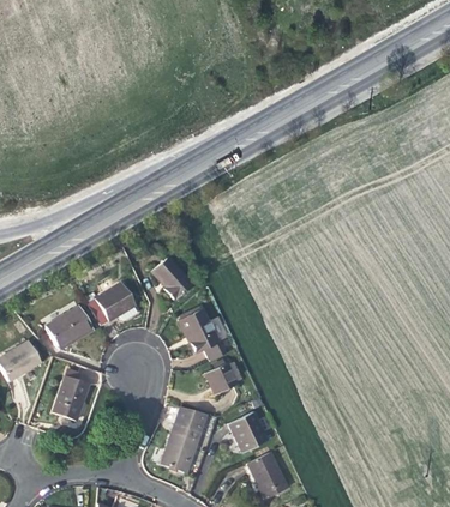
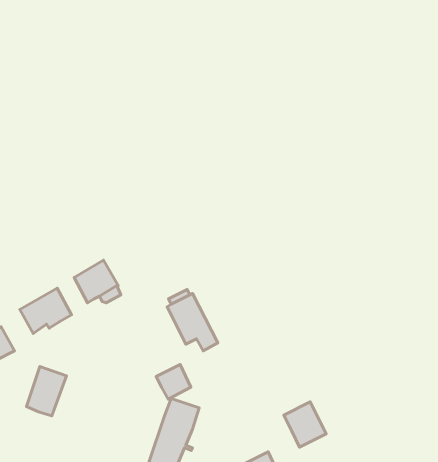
building: [152,256,191,298] -> none
building: [205,364,236,396] -> [156,365,191,399]
building: [229,412,268,453] -> [284,402,326,447]

